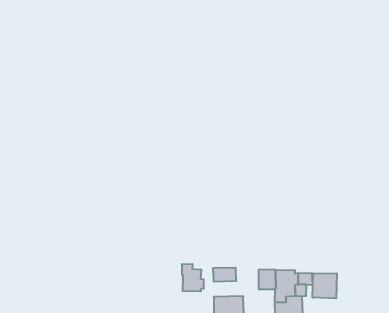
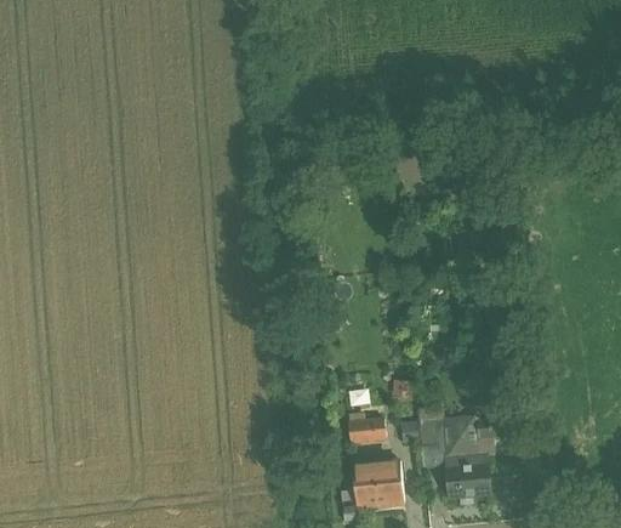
building: [182,264,204,291] -> none
building: [313,273,337,298] -> none

